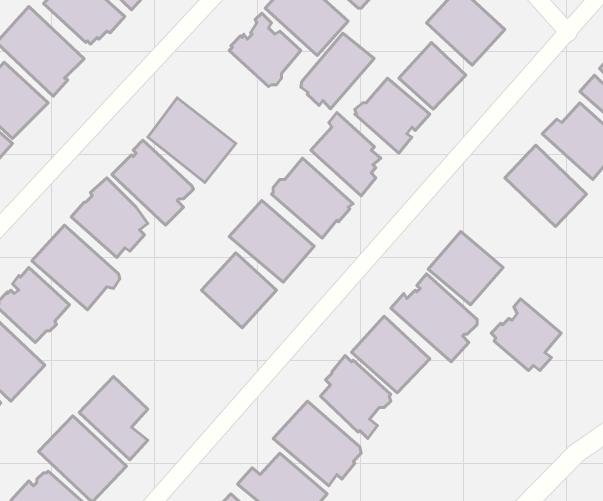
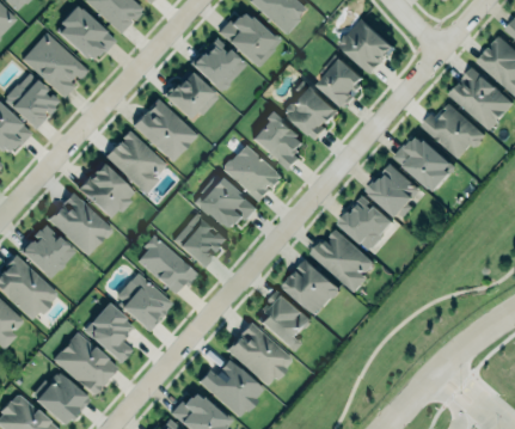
building: [301,33,374,109] -> none
building: none -> [164,71,217,121]
building: none -> [137,234,198,293]
building: [491,299,561,371] -> [369,164,421,216]
building: none -> [117,272,172,331]

